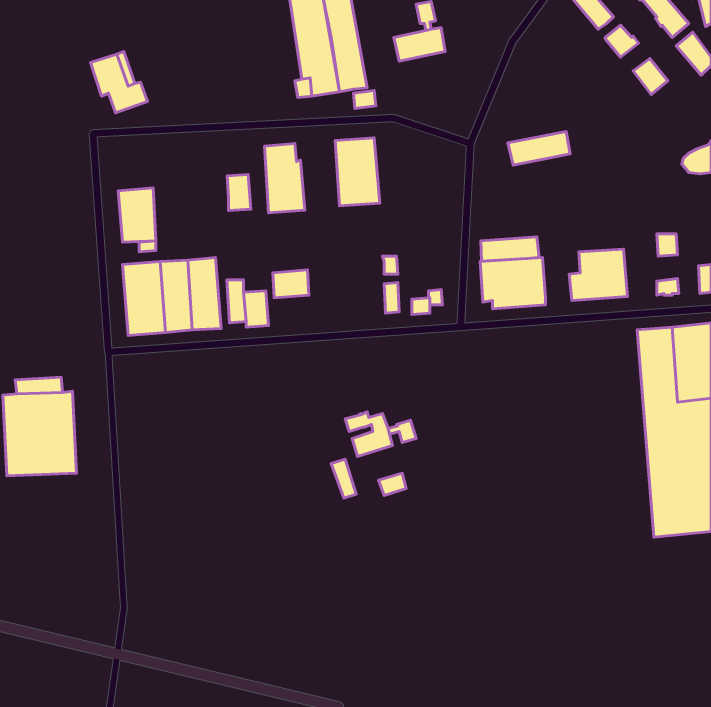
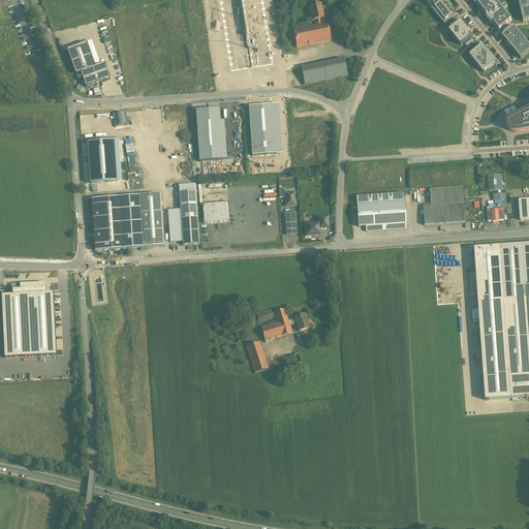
building: [508,132,570,165] -> [301,57,347,82]
building: [227,174,251,211] -> [180,190,197,217]
building: [481,237,539,261] -> none

